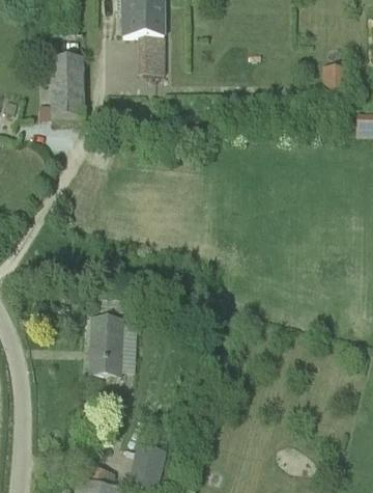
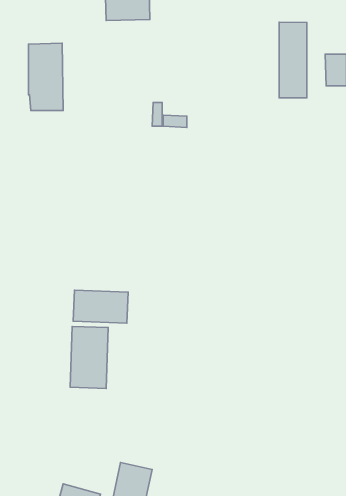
building: none -> [279,22,307,98]
building: none -> [73,290,128,323]

